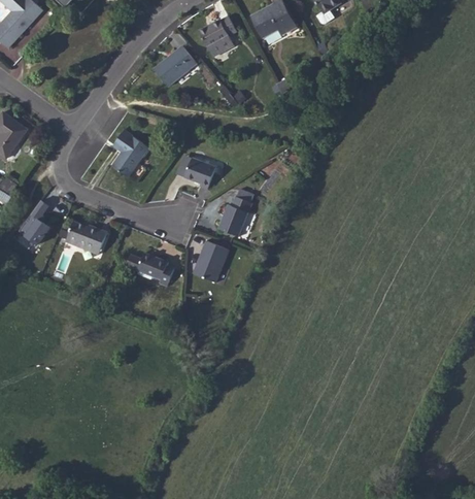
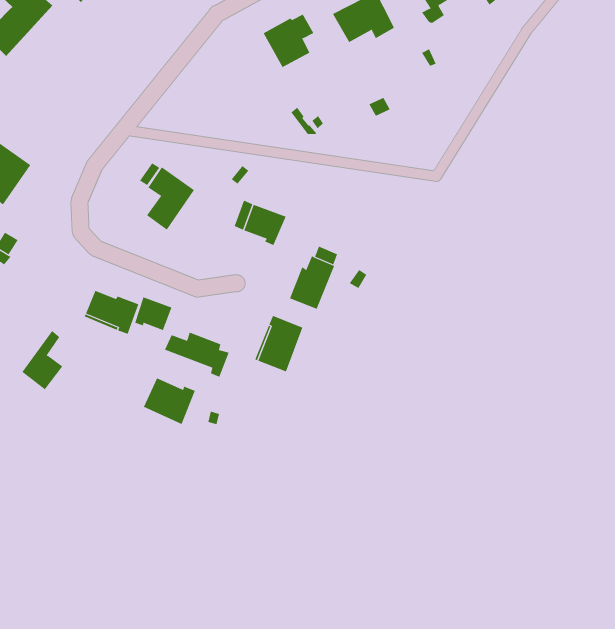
building: [154,45,197,87] -> none
building: [19,201,49,245] -> [21,330,63,390]
building: none -> [135,296,172,331]
building: none -> [143,377,196,425]

